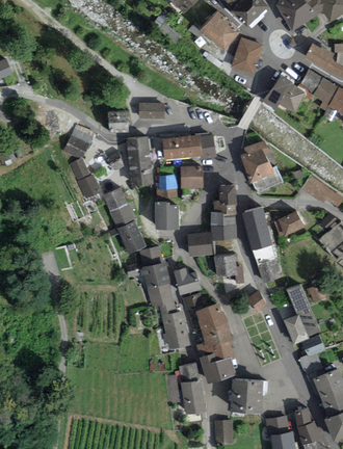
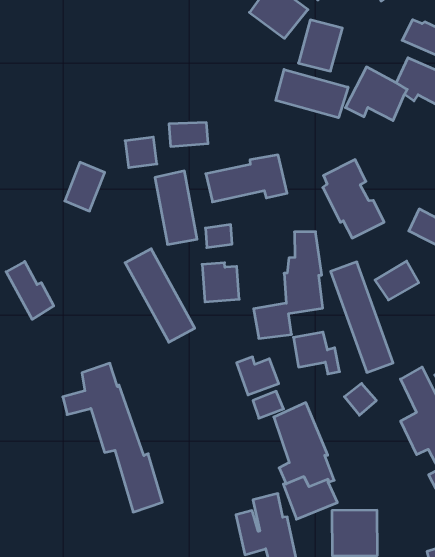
building: none -> [276,69,348,118]
building: [70,159,101,200] -> [6,261,54,319]
building: [182,166,203,187] -> none
building: [126,245,189,349] -> [63,363,162,512]

